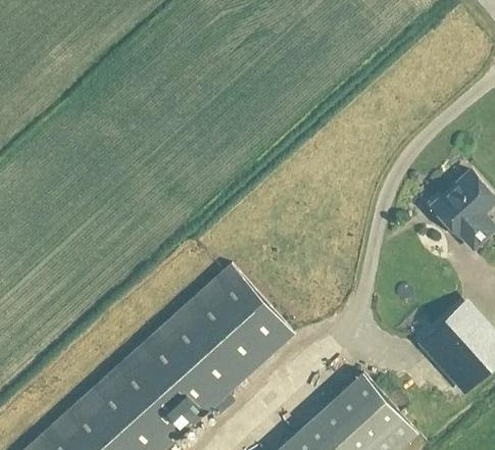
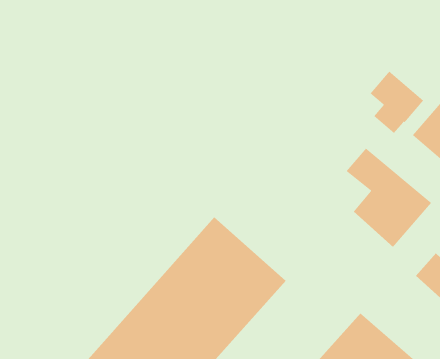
building: none -> [370,71,424,134]
building: none -> [346,147,432,248]

